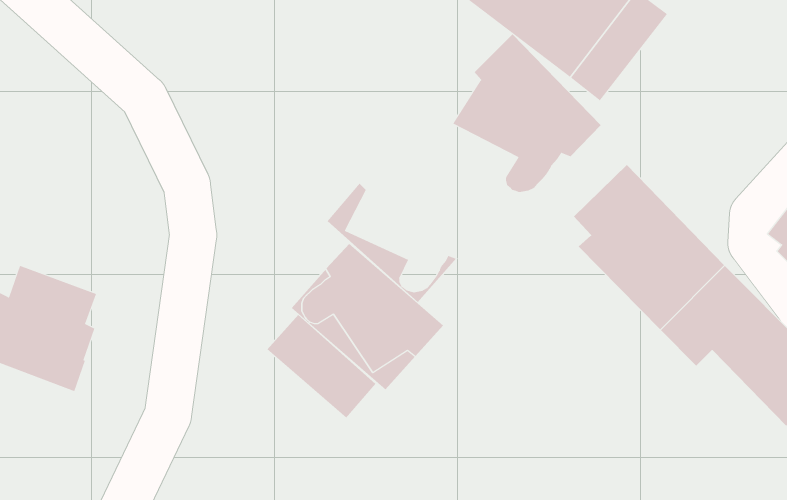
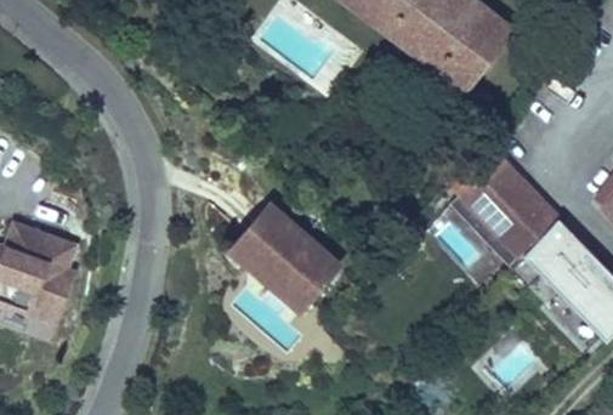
building: [452,33,601,193] -> none
building: [327,183,457,303] -> none
building: [267,314,376,419] -> none

